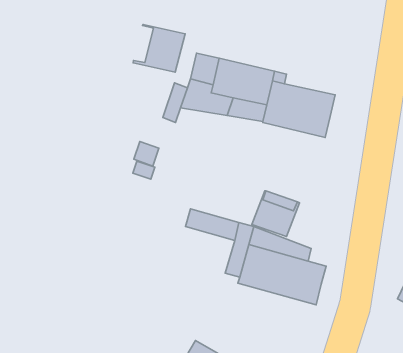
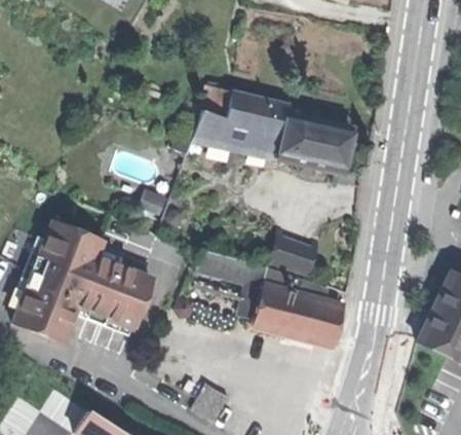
building: [133,25,185,72] -> none
building: none -> [15,222,153,345]

